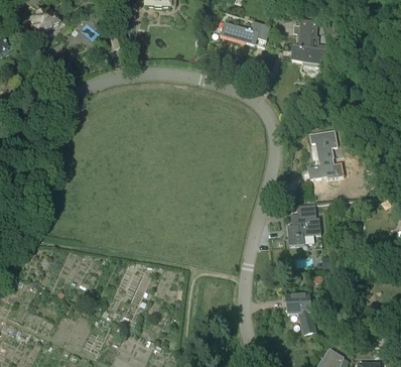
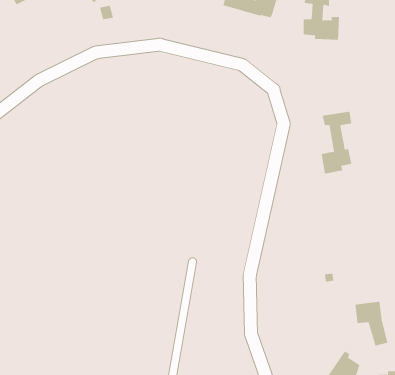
building: [287,203,320,245] -> none
building: [286,293,316,334] -> [354,301,388,346]

